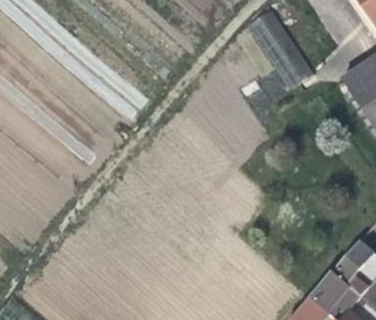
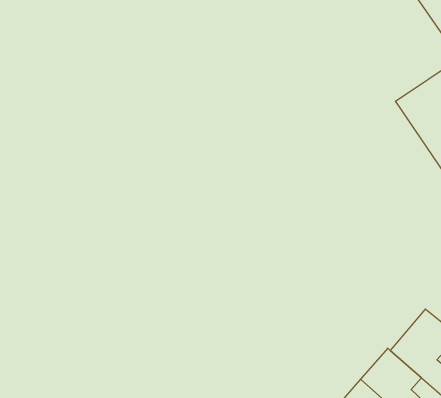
building: [244,11,311,91] -> none

